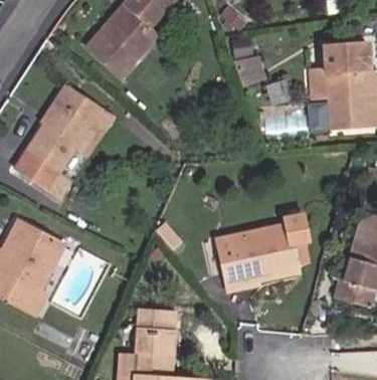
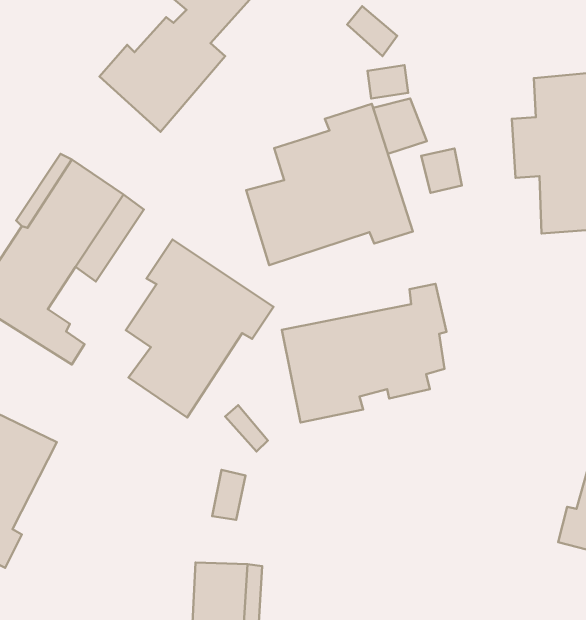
building: none -> [246,104,413,265]
building: none -> [126,240,273,417]
building: [216,214,306,290] -> [282,284,446,422]

